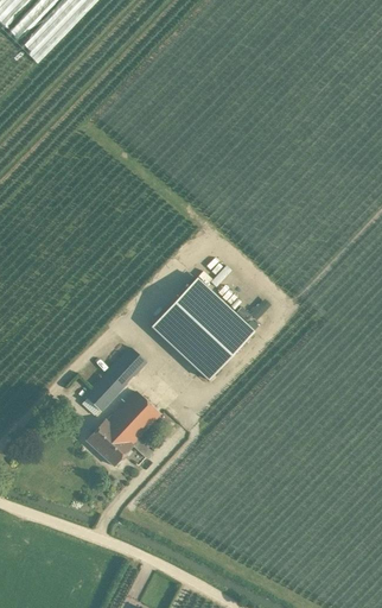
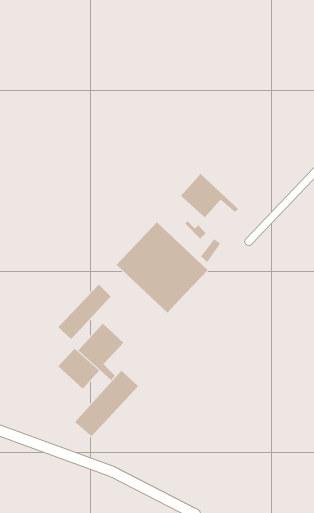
building: none -> [180,173,239,218]
building: none -> [74,370,139,437]

